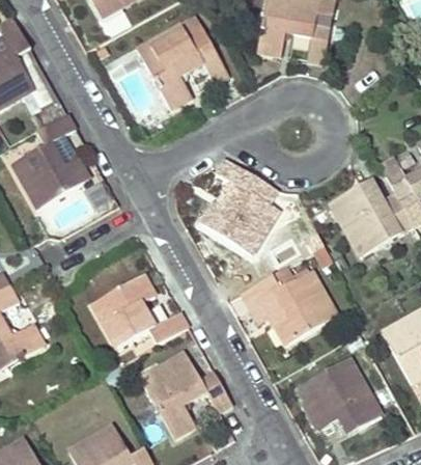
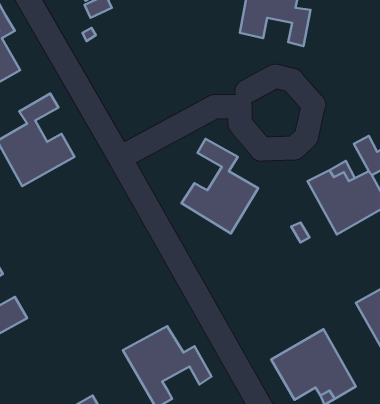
building: [138,21,230,107] -> none
building: [240,271,337,346] -> none
building: [91,272,187,348] -> none

